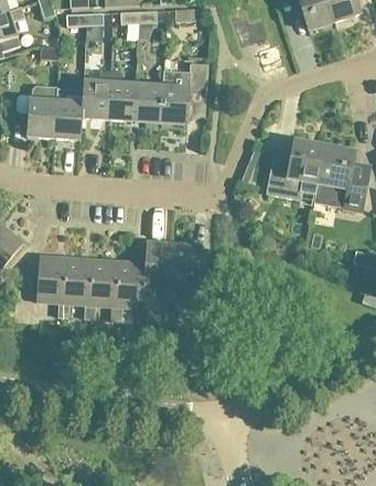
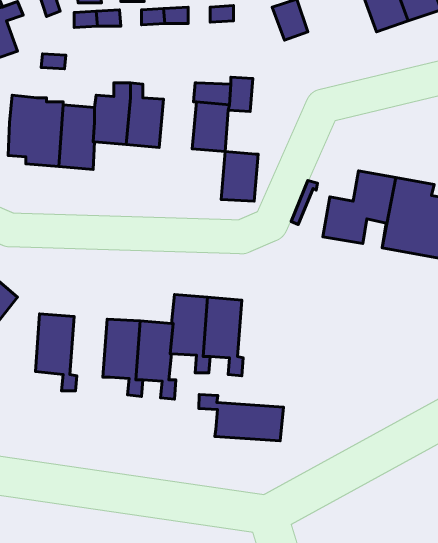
building: [135,84,164,123] -> [221,151,258,201]
building: [63,258,95,320] -> none
building: none -> [199,394,284,441]

